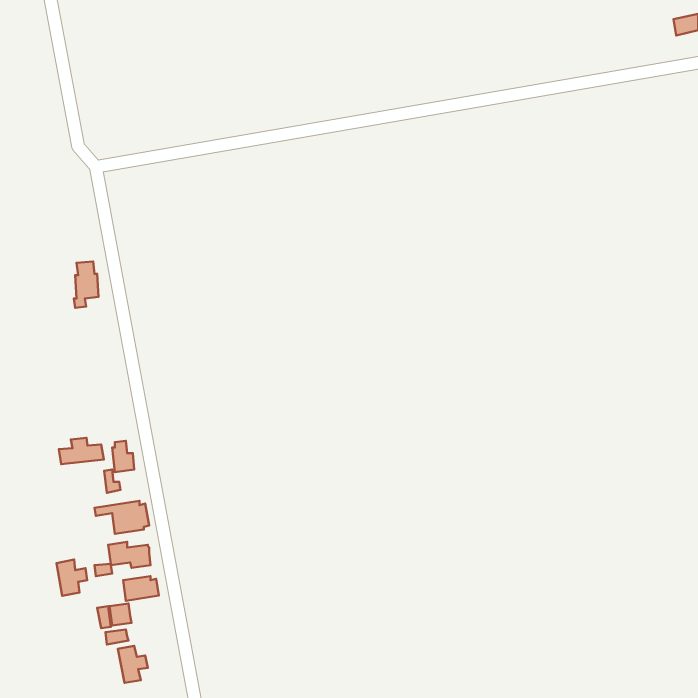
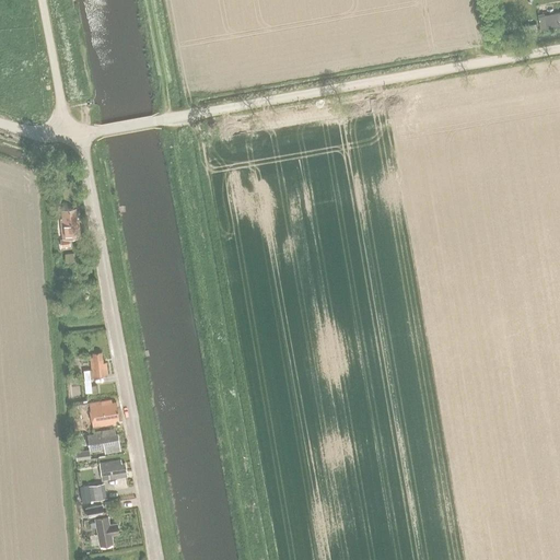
building: [59,438,104,464] -> none
building: [57,560,87,596] -> none

